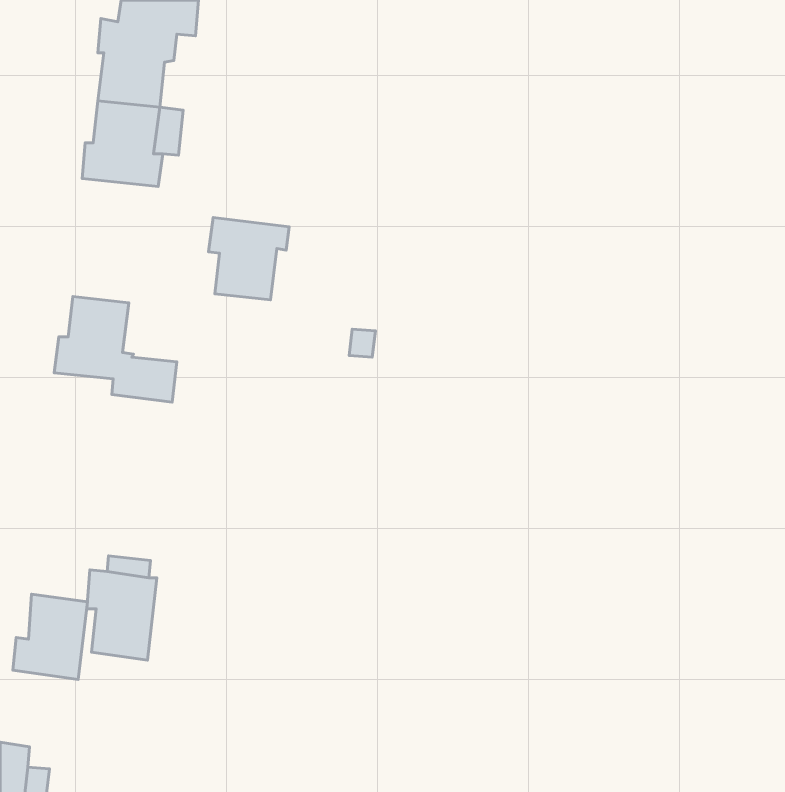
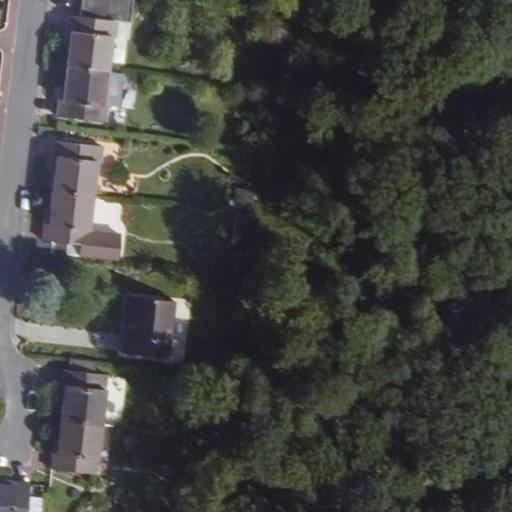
building: [209,218,289,300] -> [48,143,100,196]
building: none -> [124,294,173,355]
building: [13,594,87,679] -> [52,421,100,476]

